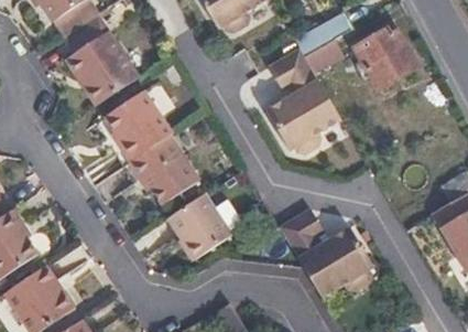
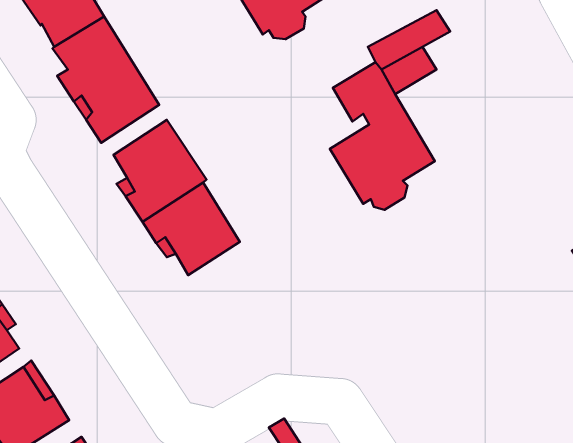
building: [350,25,415,87] -> none
building: [167,194,230,257] -> none
building: [279,207,373,297] -> none

